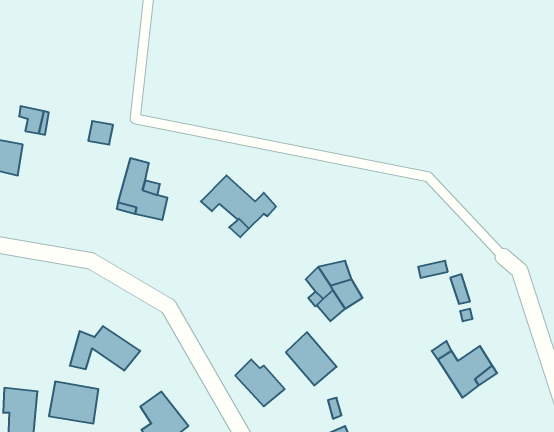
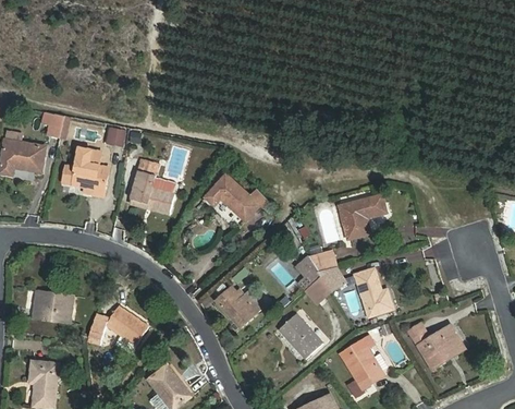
building: none -> [62,145,107,194]
building: none -> [339,194,385,239]
building: none -> [355,267,393,315]
building: [235,359,285,406] -> [214,286,258,327]
building: none -> [339,336,389,389]
building: [49,382,98,424] -> [30,288,74,325]

